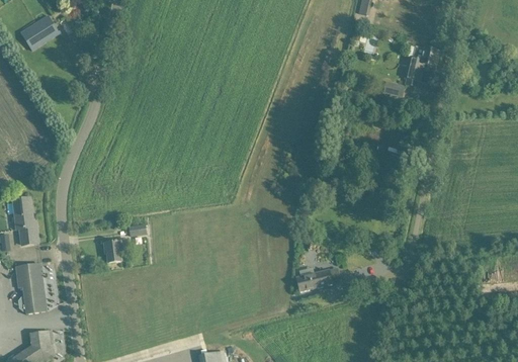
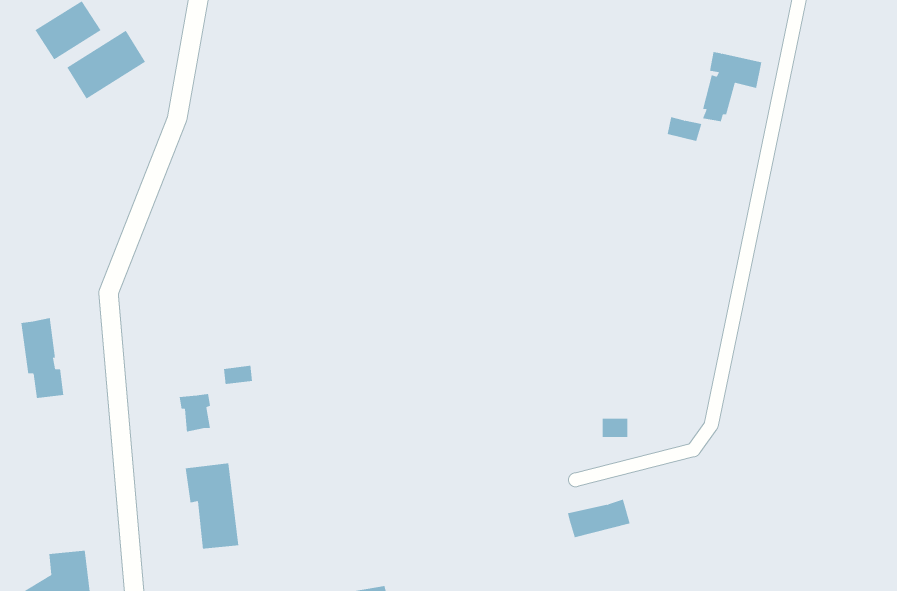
building: none -> [67,30,146,100]
building: [16,263,48,313] -> [185,461,239,549]
building: [296,269,333,291] -> [567,499,630,538]

